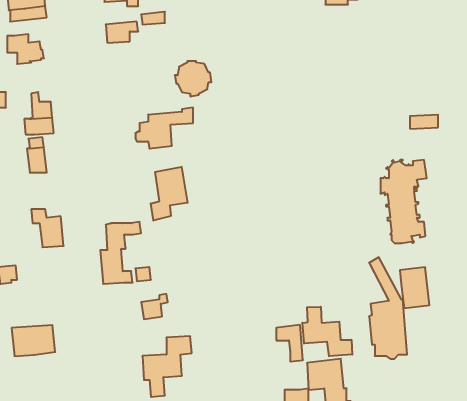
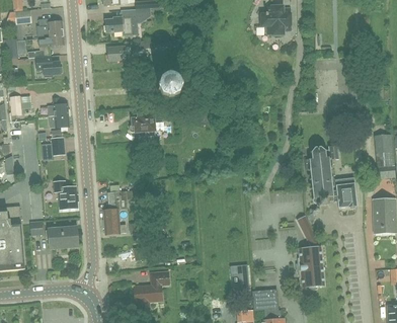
building: [151,167,188,221] -> none
building: [400,267,429,308] -> [334,177,355,207]
building: [302,307,352,356] -> none
building: [12,325,55,356] -> [47,226,78,248]

